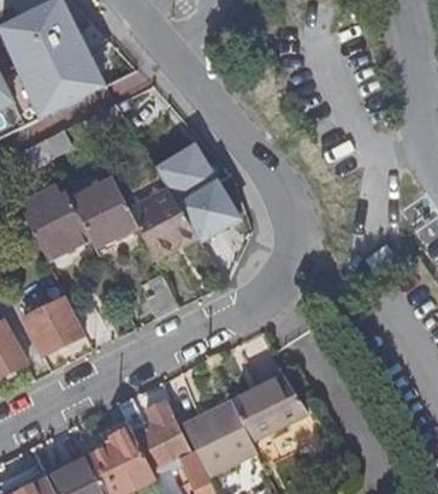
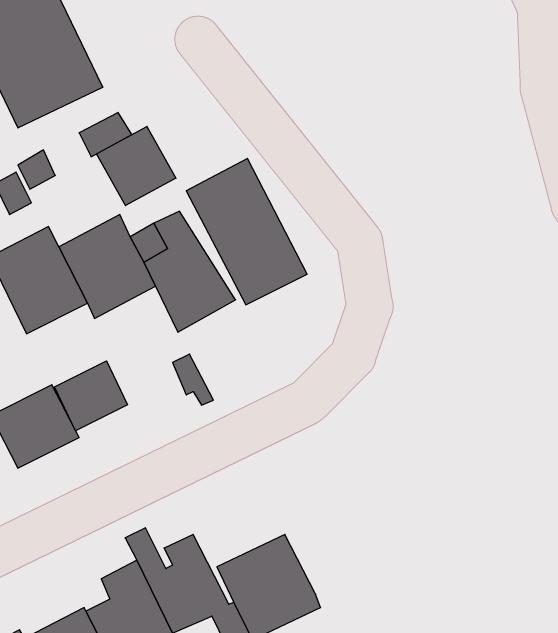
building: none -> [97,126,176,206]
building: none -> [54,361,128,431]
building: [227,369,301,444] -> none

